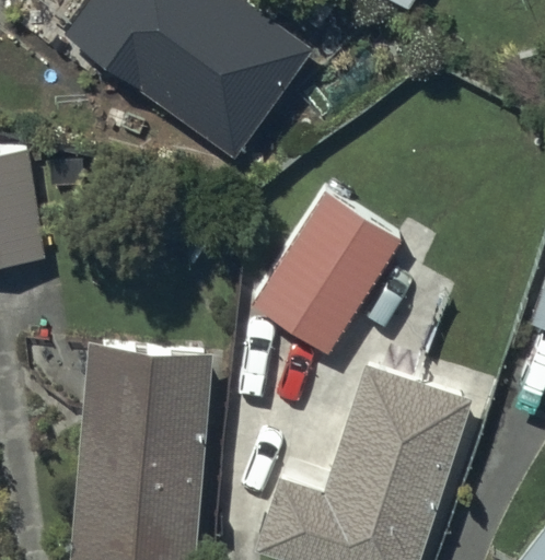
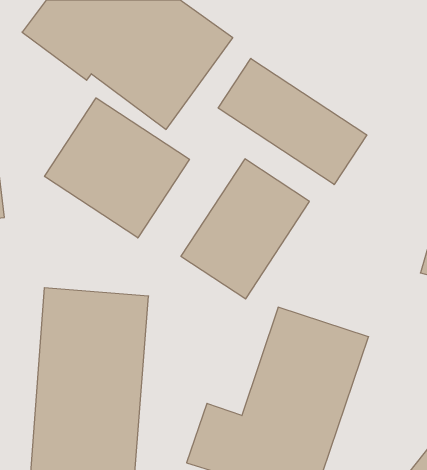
building: none -> [218,58,367,185]
building: none -> [45,98,189,238]

